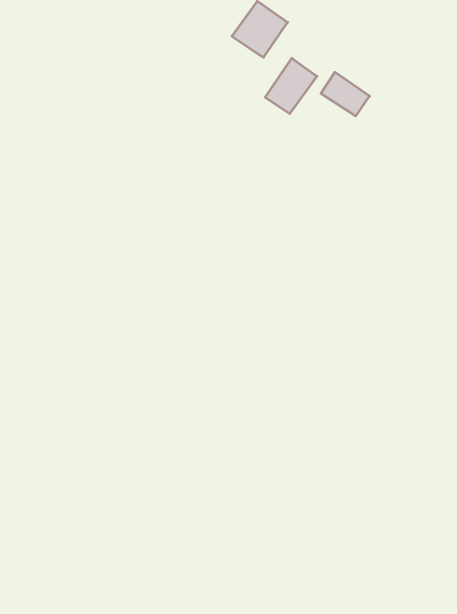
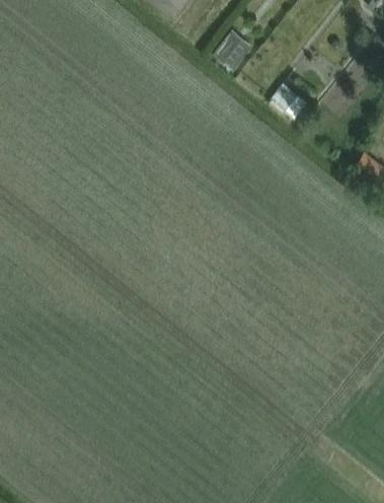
building: [265,58,317,114] -> none

